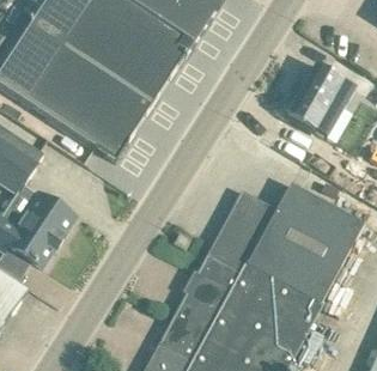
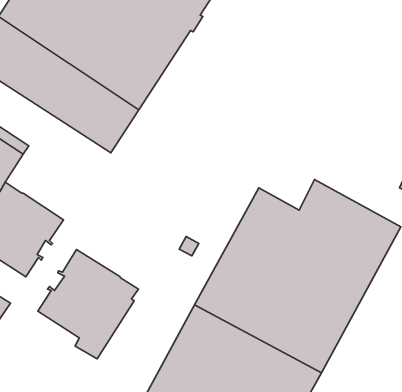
building: [287,63,354,130] -> none
building: none -> [38,249,139,359]

